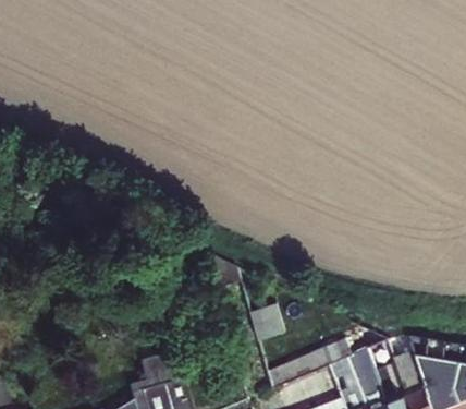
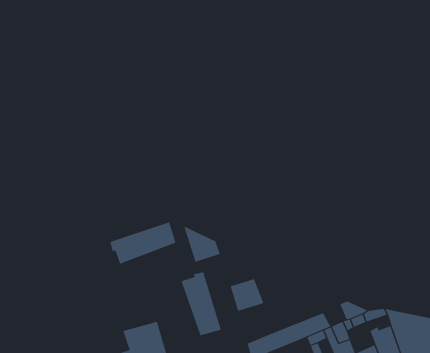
building: none -> [110,222,176,265]
building: none -> [181,271,221,336]

